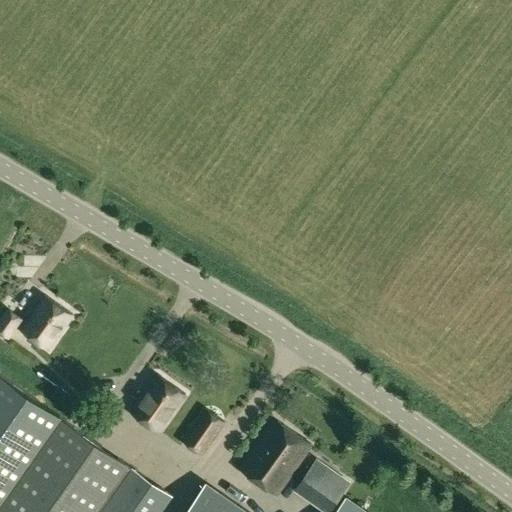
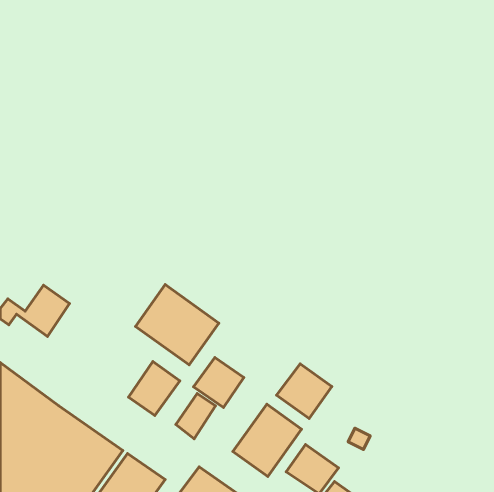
building: none -> [135,285,219,365]
building: none -> [193,358,244,408]
building: none -> [276,364,332,418]

